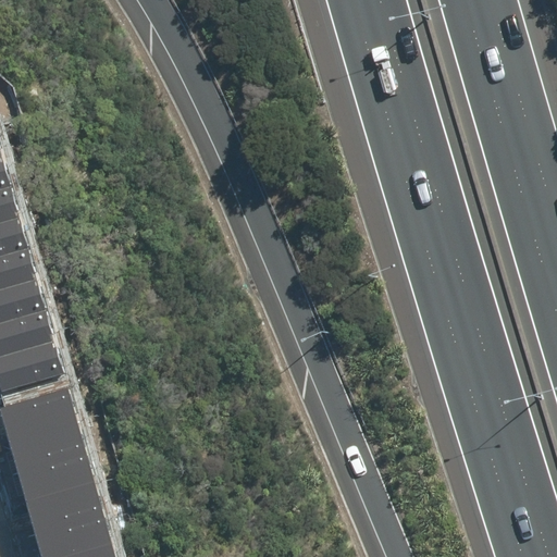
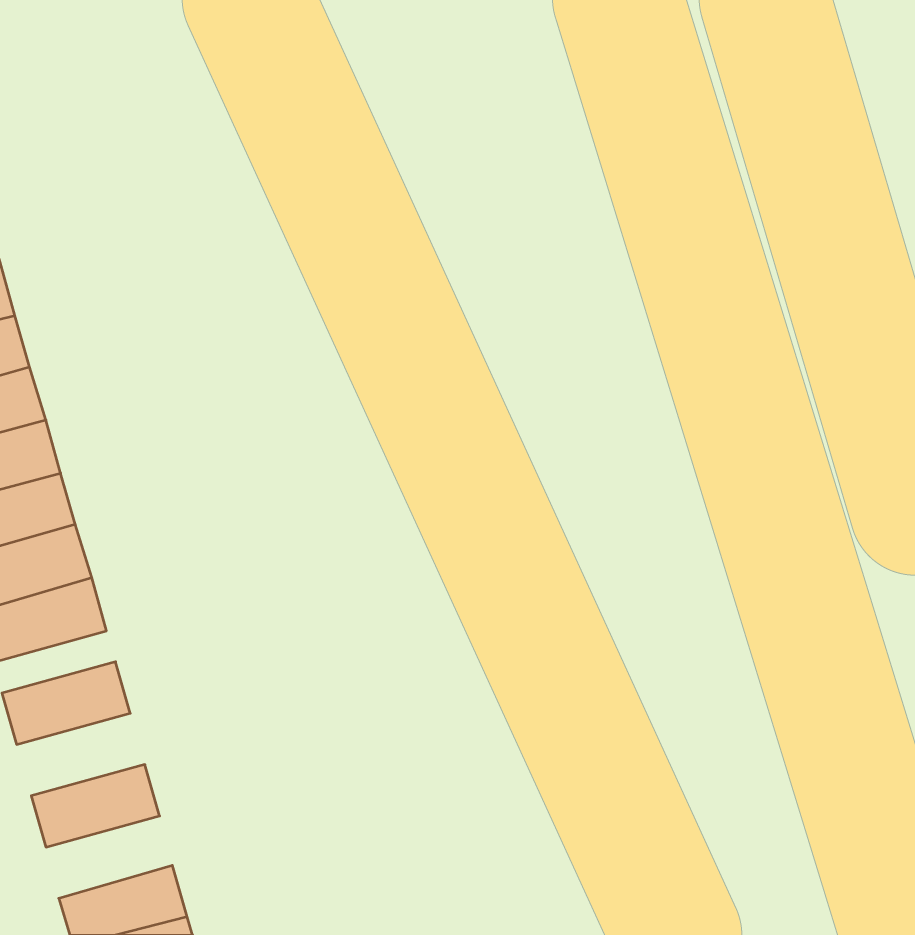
building: [10,423,86,472] -> none
building: [27,484,102,533] -> none

